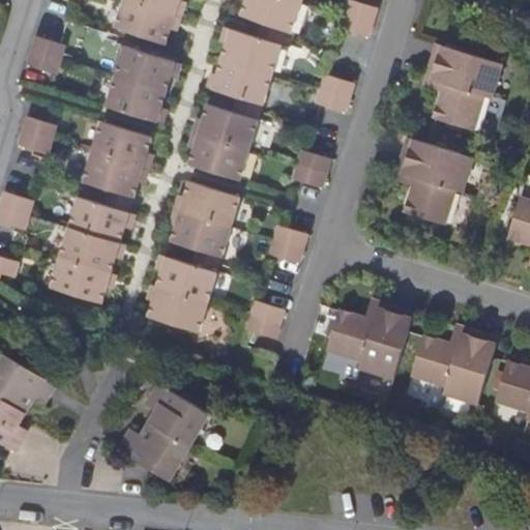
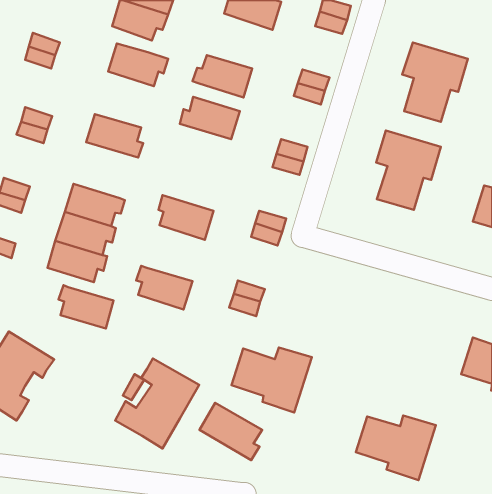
building: [219,27,279,73] -> none
building: [107,77,167,123] -> none
building: [187,132,247,179] -> none
building: [83,152,148,197] -> none
building: [174,181,238,226] -> none
building: [155,255,214,301] -> [59,285,114,329]
building: [325,308,411,378] -> [231,348,312,412]
building: [409,334,495,404] -> [356,415,436,480]
building: none -> [200,403,262,460]

